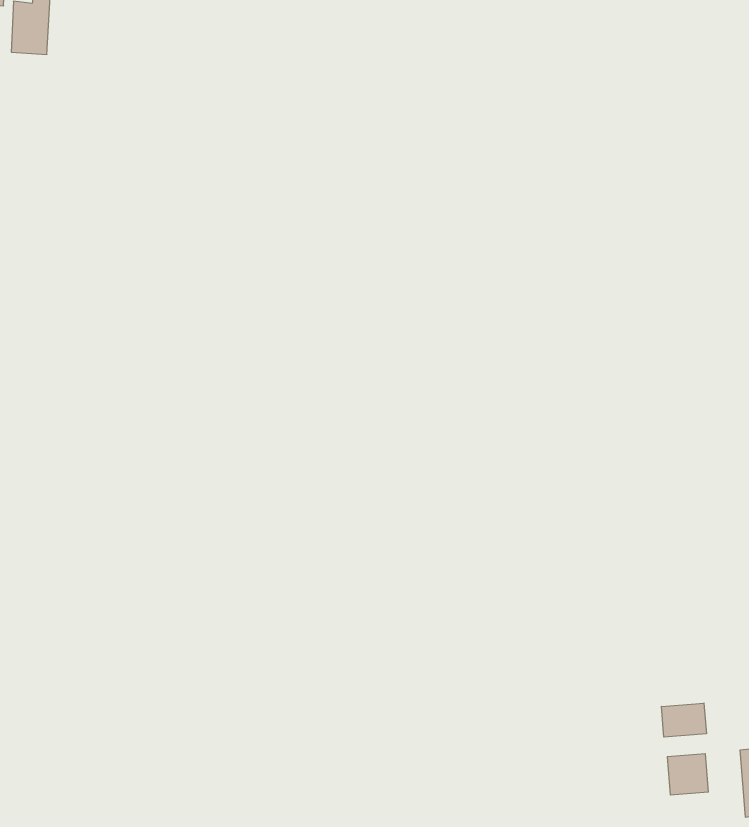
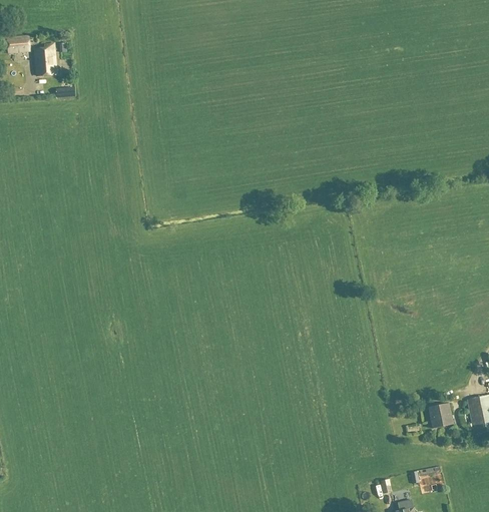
building: [661,703,706,737] -> none

